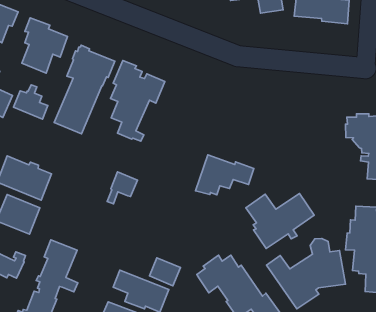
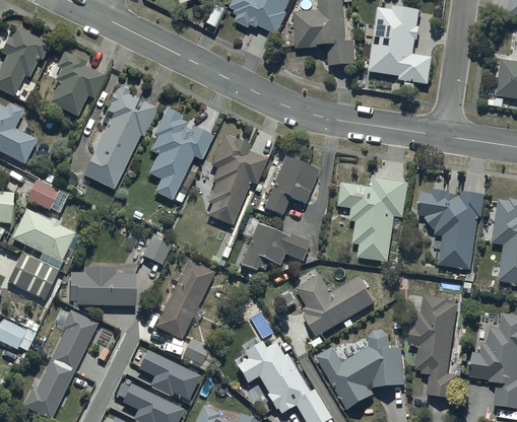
building: none -> [194,133,266,224]
building: [13,85,48,119] -> [25,173,65,214]
building: none -> [264,145,318,213]
building: none -> [338,175,408,261]
building: none -> [154,259,213,339]
building: none -> [69,266,136,305]

